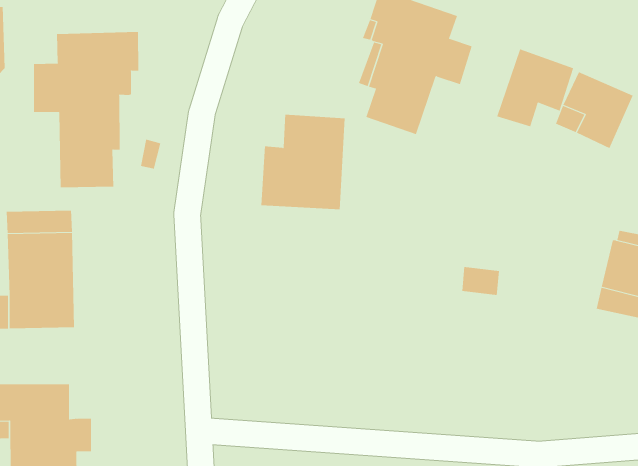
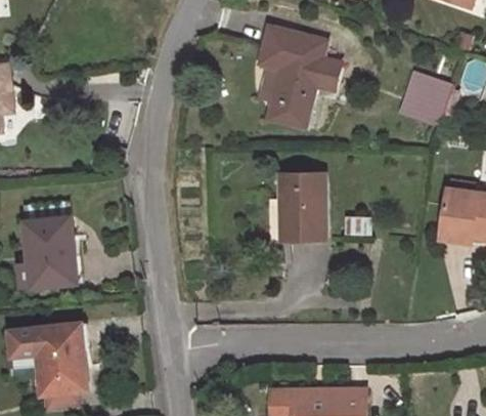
building: [33,31,139,188] -> none
building: [496,49,574,127] -> none
building: [260,114,346,210] -> [269,173,326,240]

